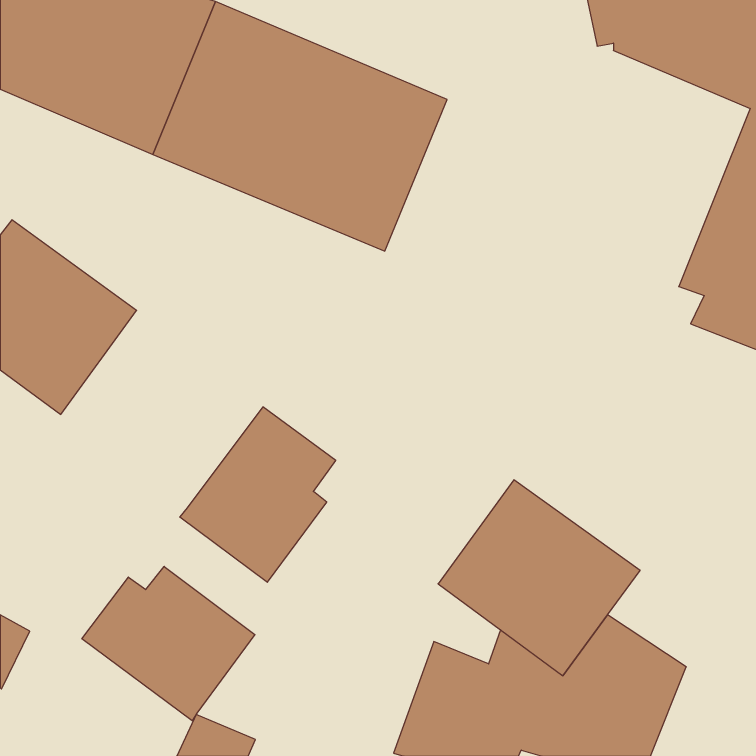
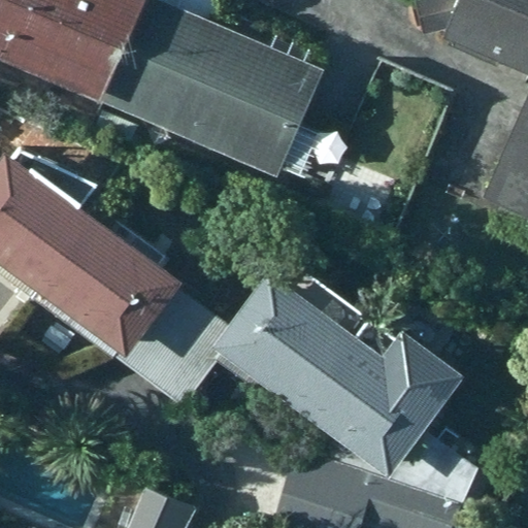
building: none -> [44,216,185,353]
building: none -> [220,269,359,405]
building: [82,566,255,721] -> none

